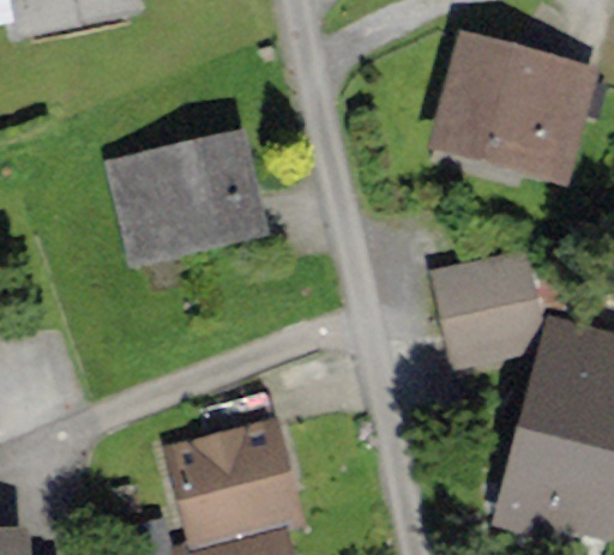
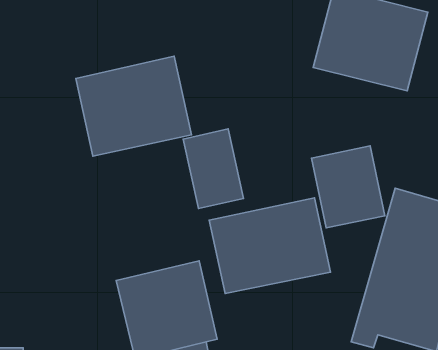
building: none -> [183,129,243,209]
building: none -> [209,198,330,293]

